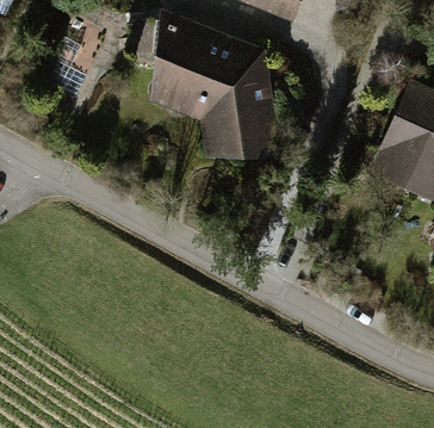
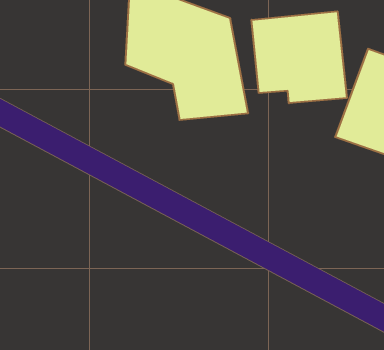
building: none -> [252,11,347,103]

